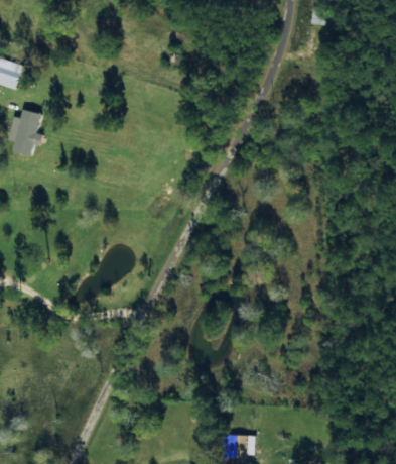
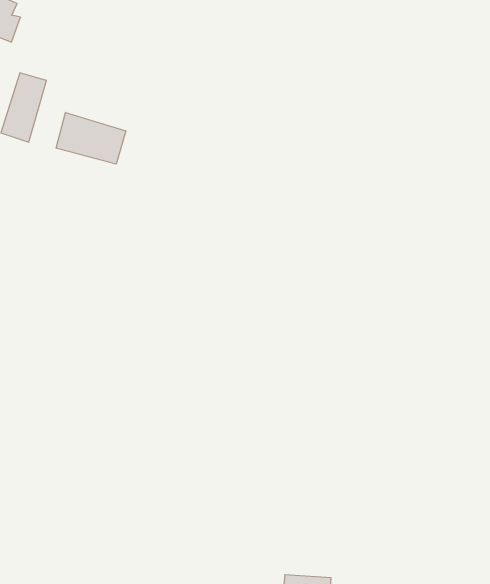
building: none -> [56,112,126,164]

